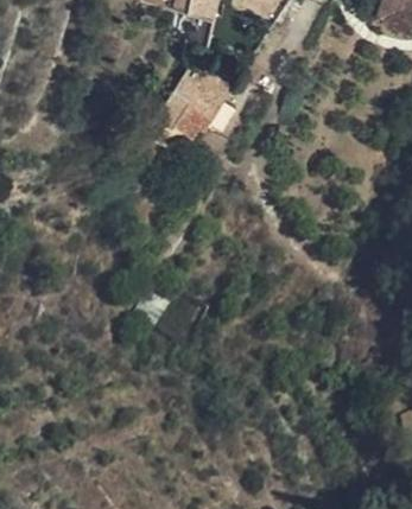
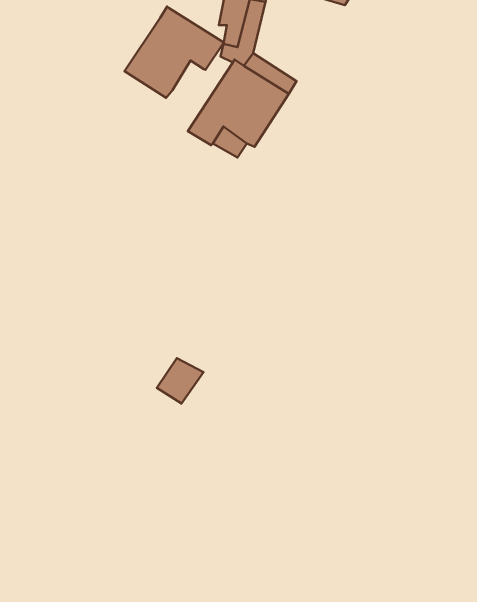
building: none -> [125,6,224,98]

